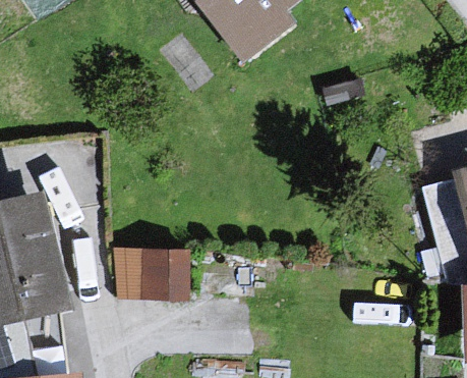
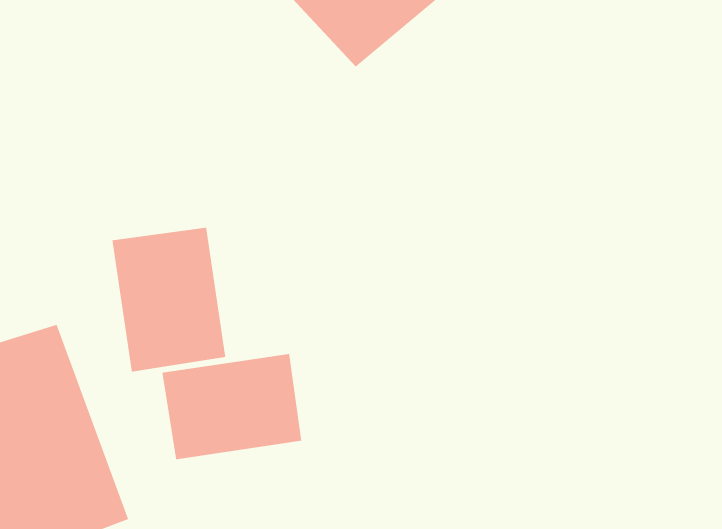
building: none -> [112,227,226,372]

